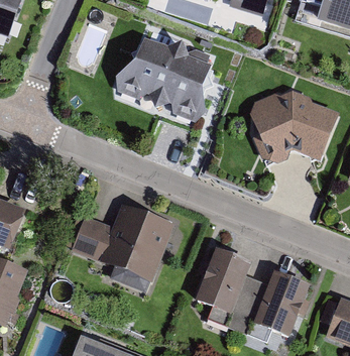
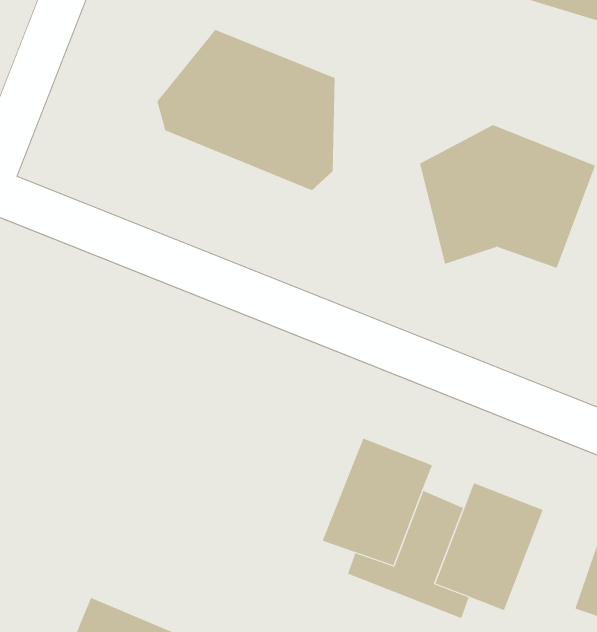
building: [73,203,176,280] -> none

